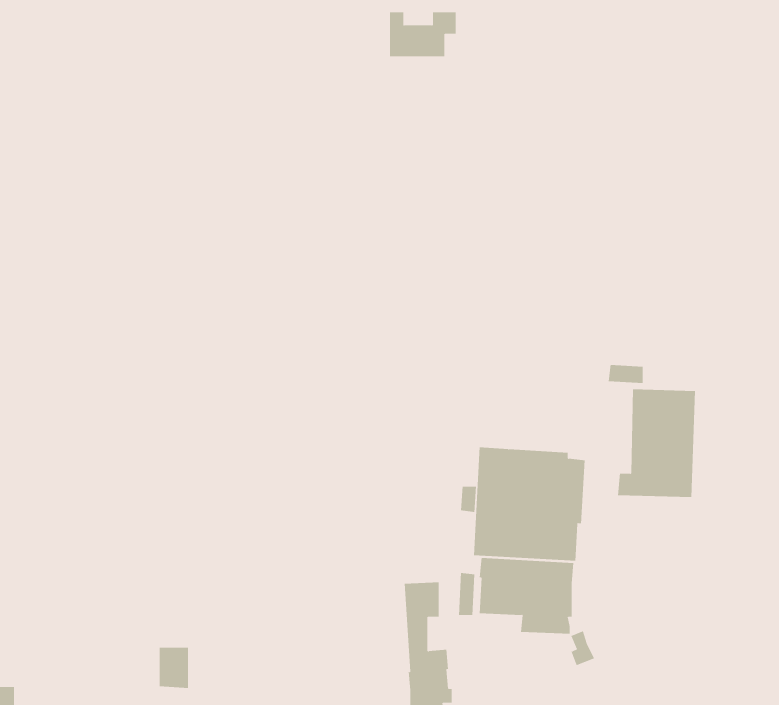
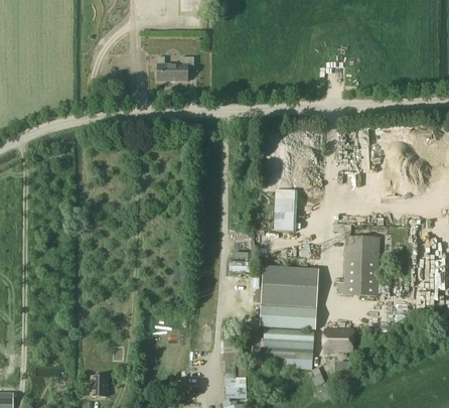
building: [389,12,456,57] -> [157,55,193,80]
building: none -> [274,188,297,231]
building: none -> [324,327,352,350]

